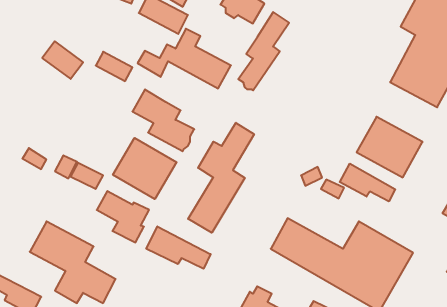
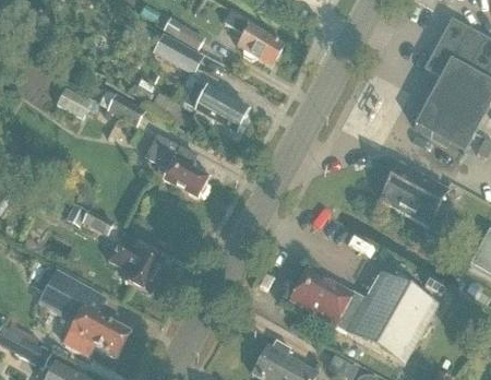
building: [238,12,289,90] -> none
building: [188,123,254,233] -> none
building: [113,138,177,199] -> none
building: [340,164,395,201] -> none
building: [146,226,211,269] -> none

